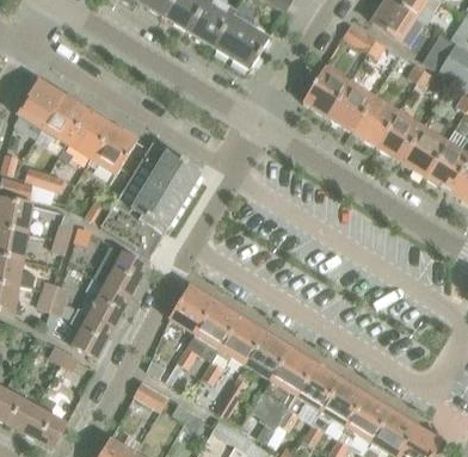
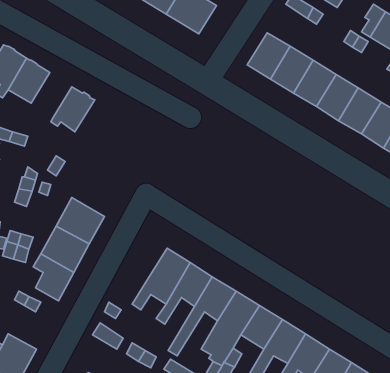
building: [67,109,111,158] -> none
building: [101,141,202,254] -> none
building: [170,284,215,332] -> none

